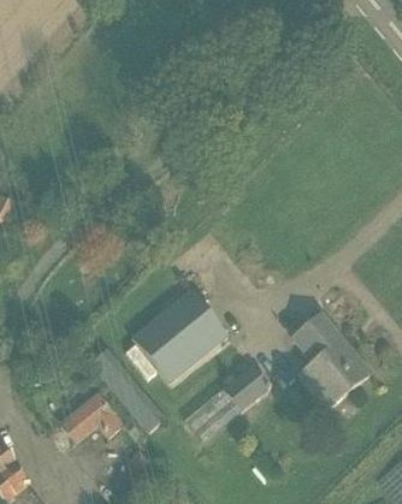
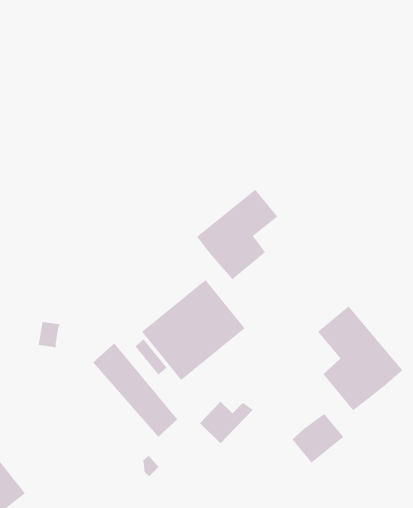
building: none -> [196,189,278,280]
building: [223,364,271,410] -> [291,413,344,463]
building: [70,392,125,438] -> none

